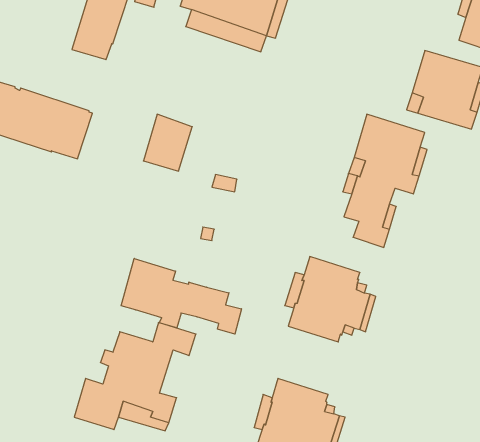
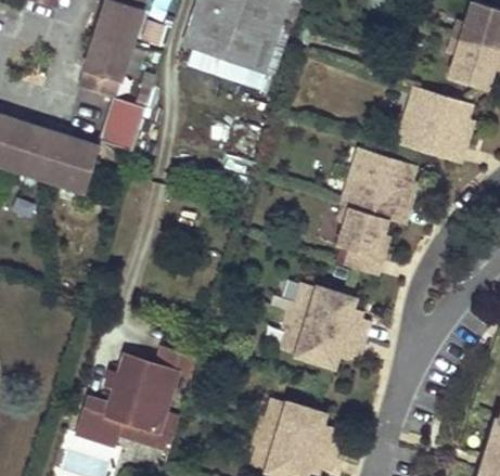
building: [143,114,192,171] -> [99,95,145,150]
building: [121,258,241,334] -> none

